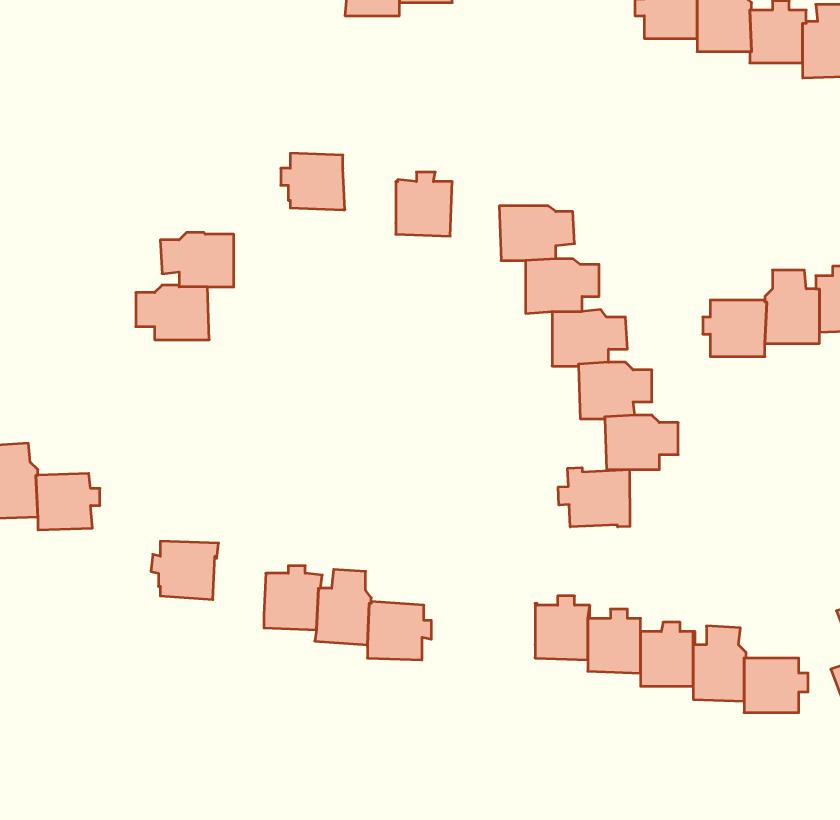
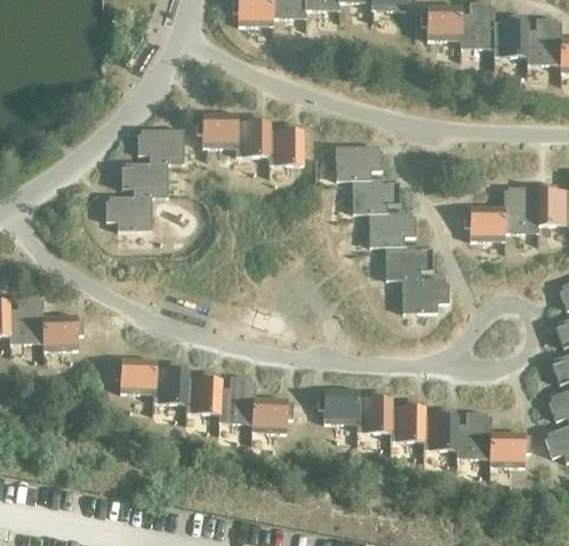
building: none -> [236,113,270,156]
building: none -> [137,128,183,163]
building: [558,468,630,527] -> none
building: none -> [152,362,189,403]
building: none -> [318,388,358,422]

